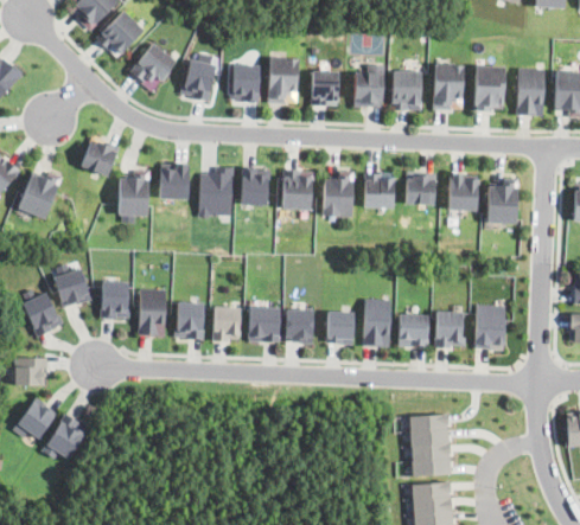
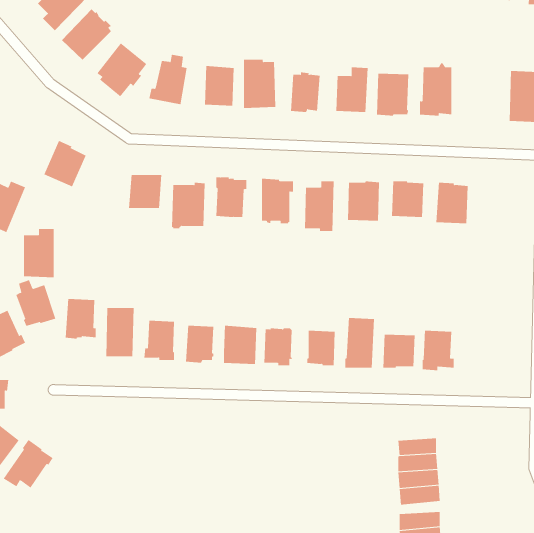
building: [473,65,504,111] -> none
building: [120,169,149,216] -> [23,228,55,278]
building: [487,178,518,224] -> none
building: [473,305,505,351] -> none

